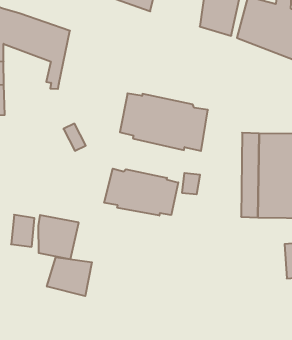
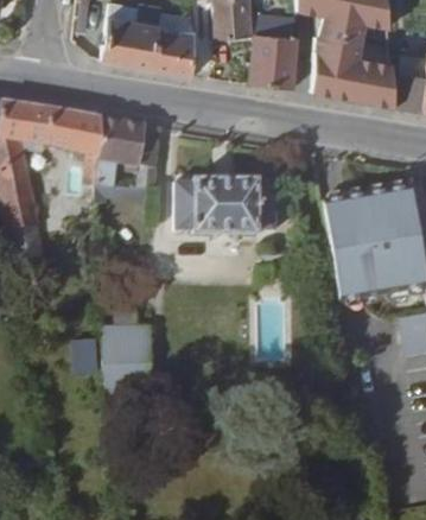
building: none -> [98,113,159,178]
building: [104,169,178,216] -> none
building: [47,257,92,296] -> none

